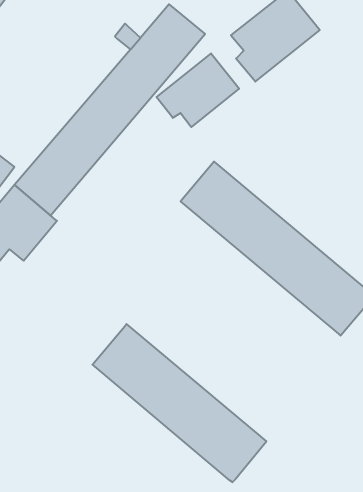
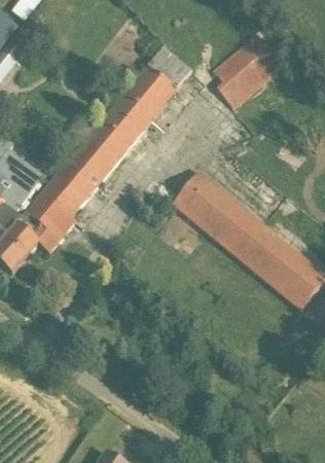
building: [157,53,239,127] -> none
building: [92,324,266,482] -> none

